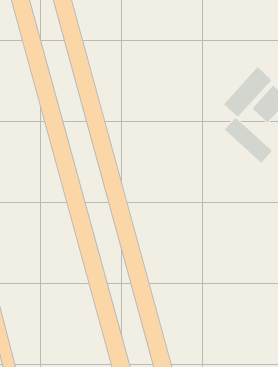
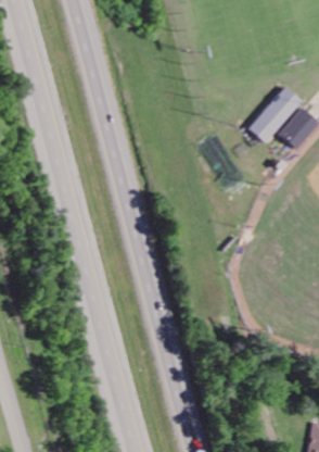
building: [224,117,273,164] -> none

